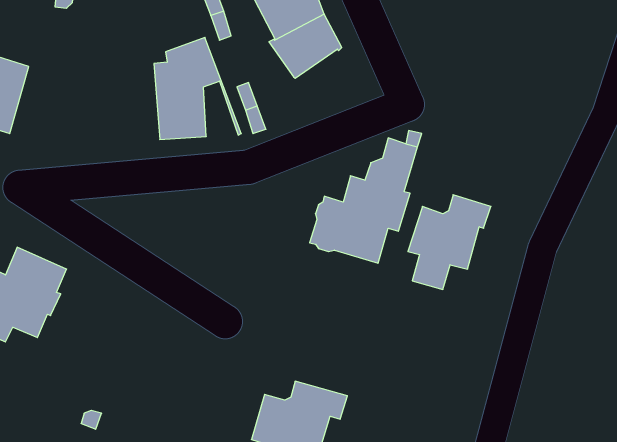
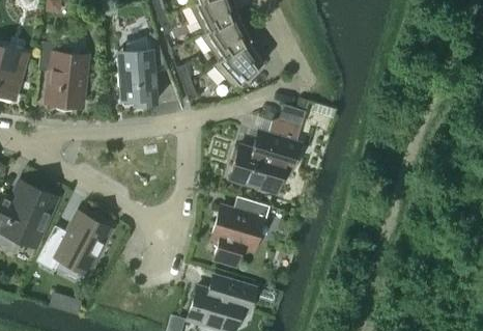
building: none -> [39,40,87,109]
building: none -> [212,40,264,89]
building: [408,195,491,289] -> [211,197,271,265]
building: none -> [36,212,111,274]

